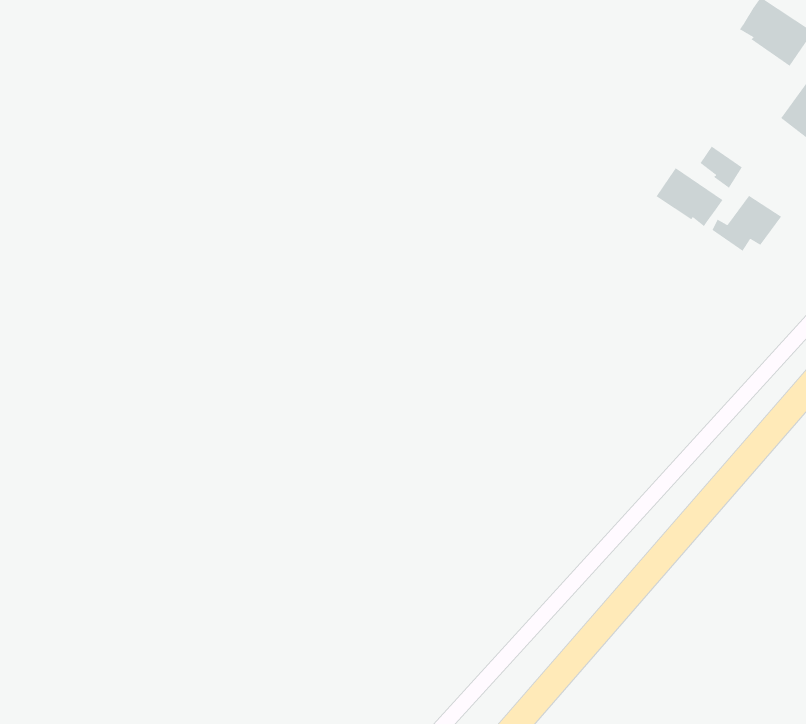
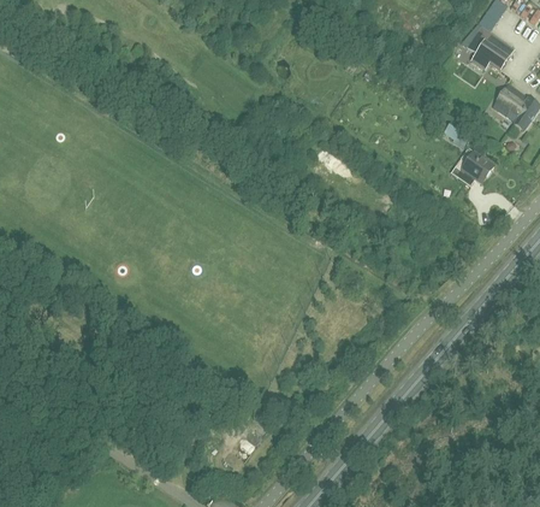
building: [655,167,723,227] -> none

